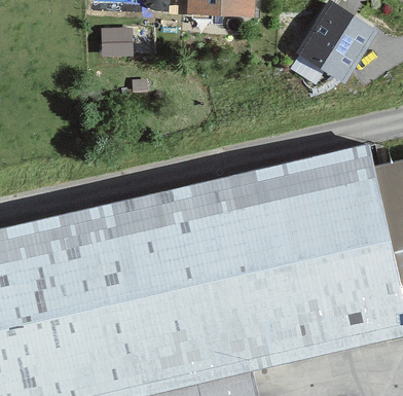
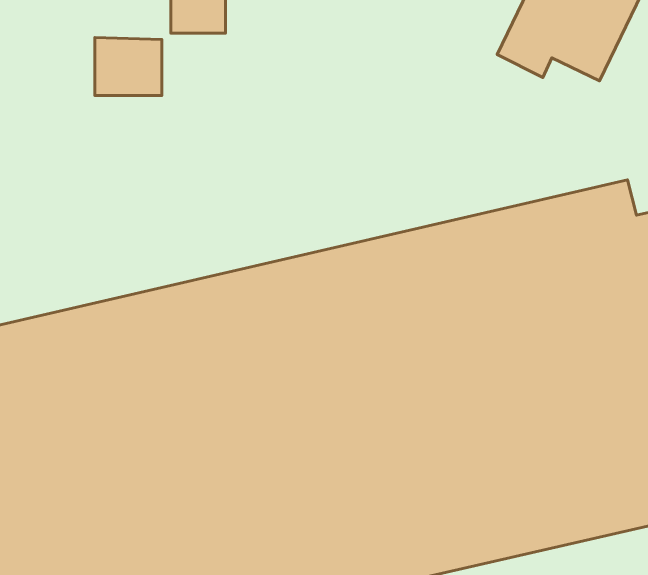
building: none -> [95,37,162,96]

